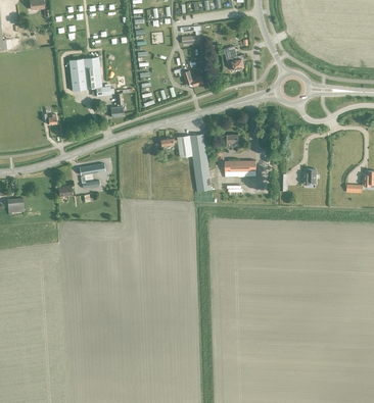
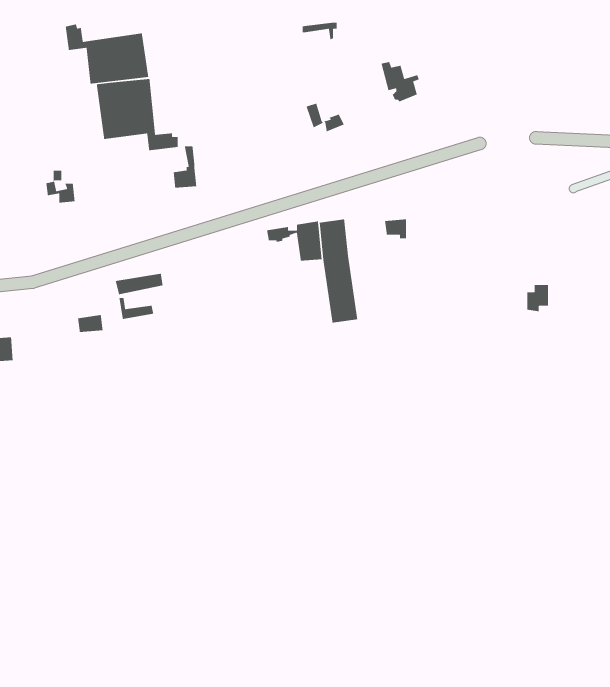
building: none -> [65,23,149,84]
building: [225,160,255,177] -> none

